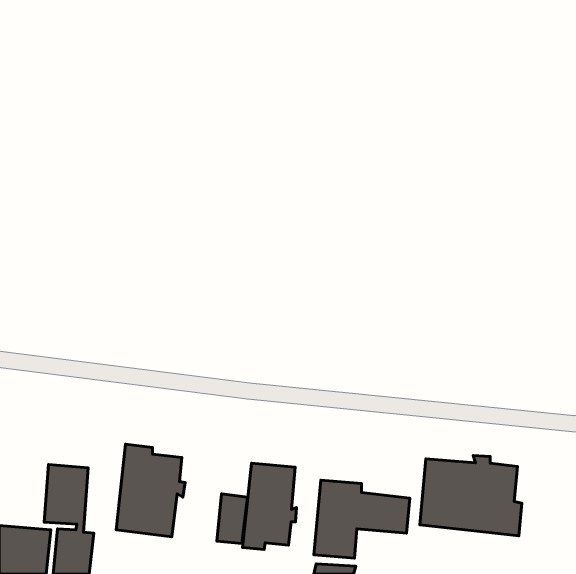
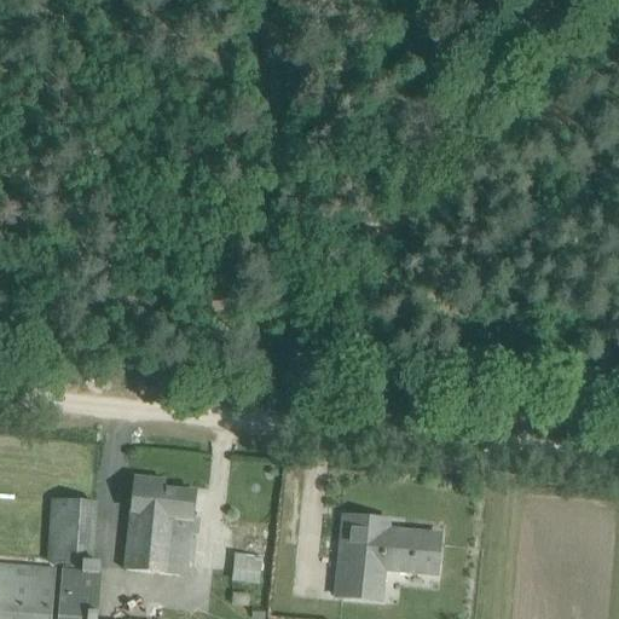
building: [420,455,522,536] -> none
building: [243,463,297,549] -> none

